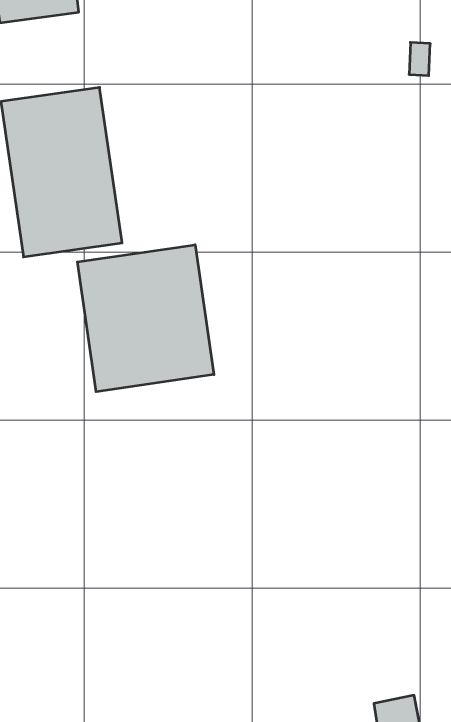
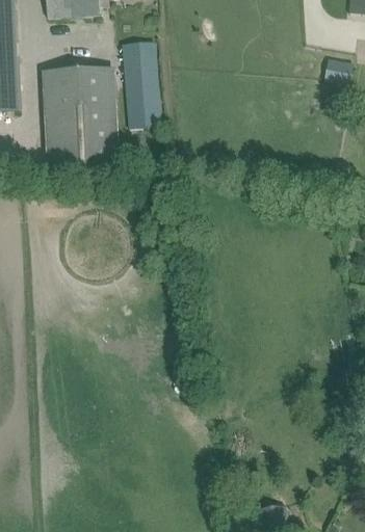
building: none -> [121,39,160,127]
building: [77,245,214,392] -> none

